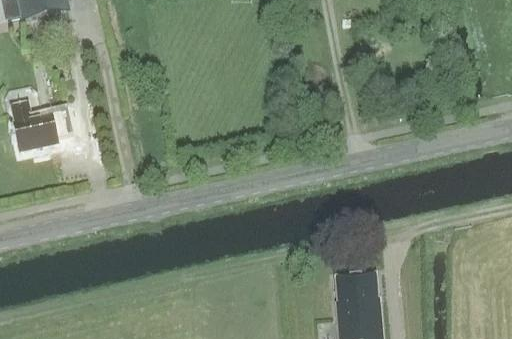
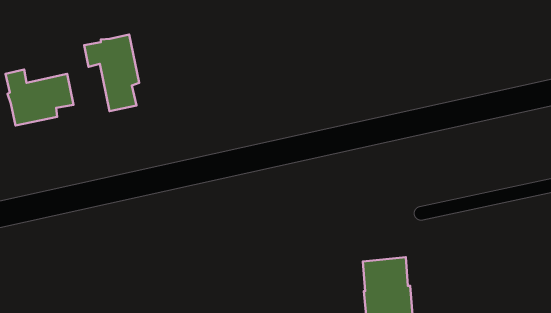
building: none -> [84,35,139,111]

